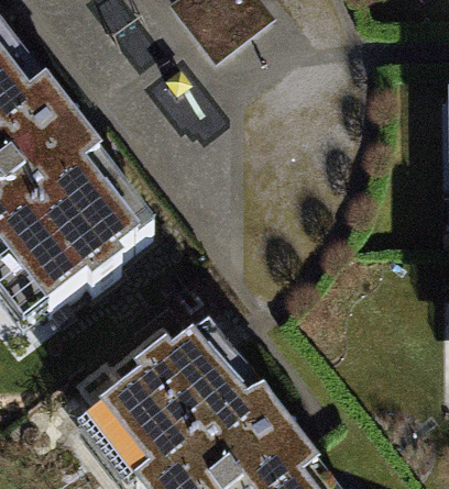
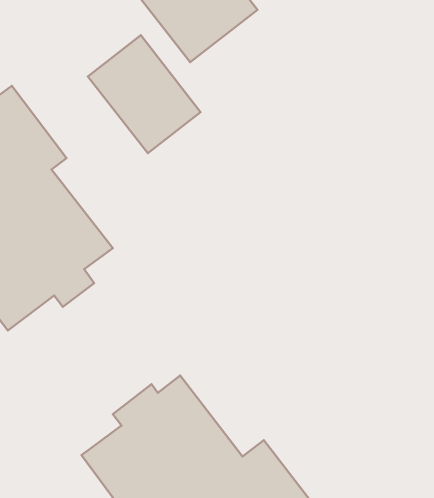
building: none -> [88,35,201,153]

